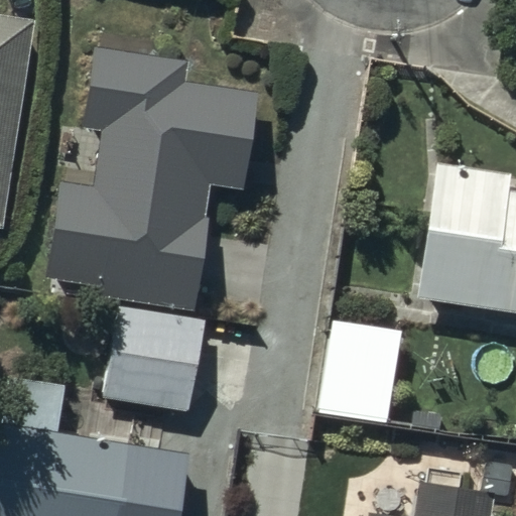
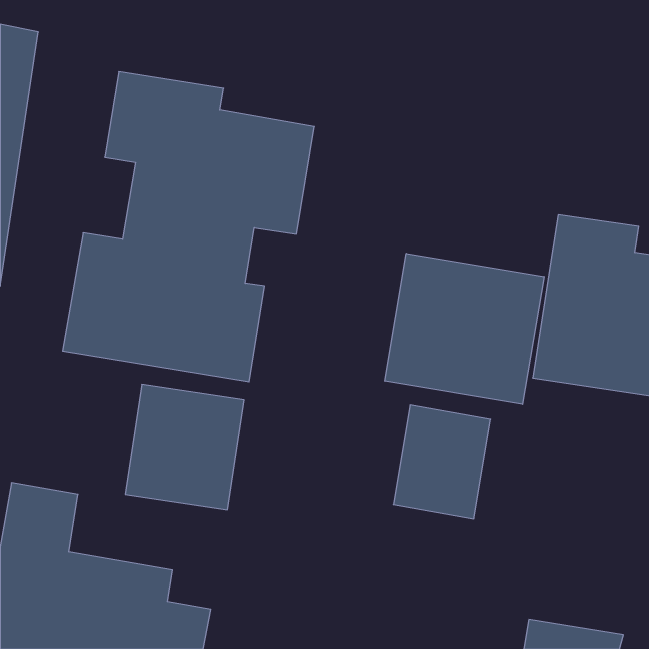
building: none -> [385,254,544,404]

